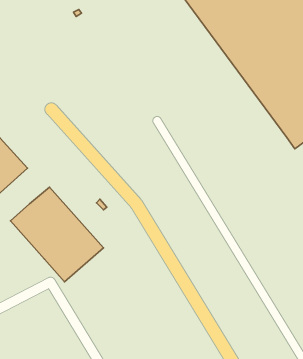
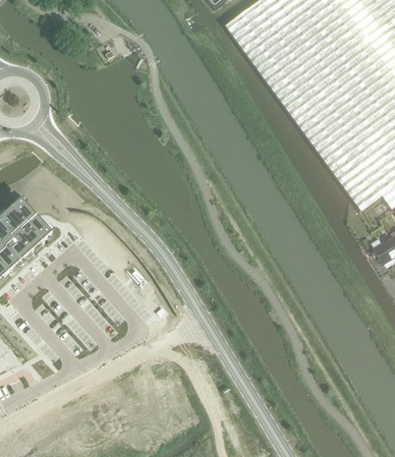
building: [10,187,104,282] -> none

